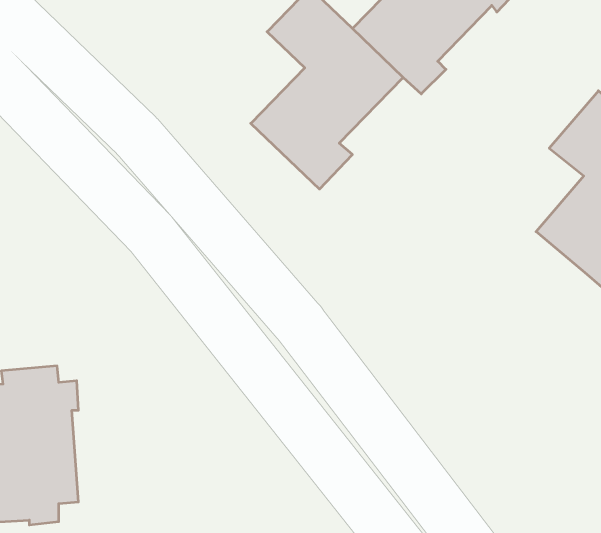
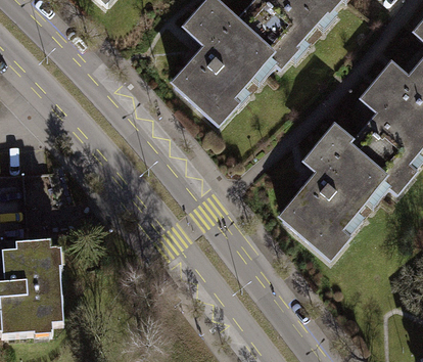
building: none -> [283,128,383,258]

